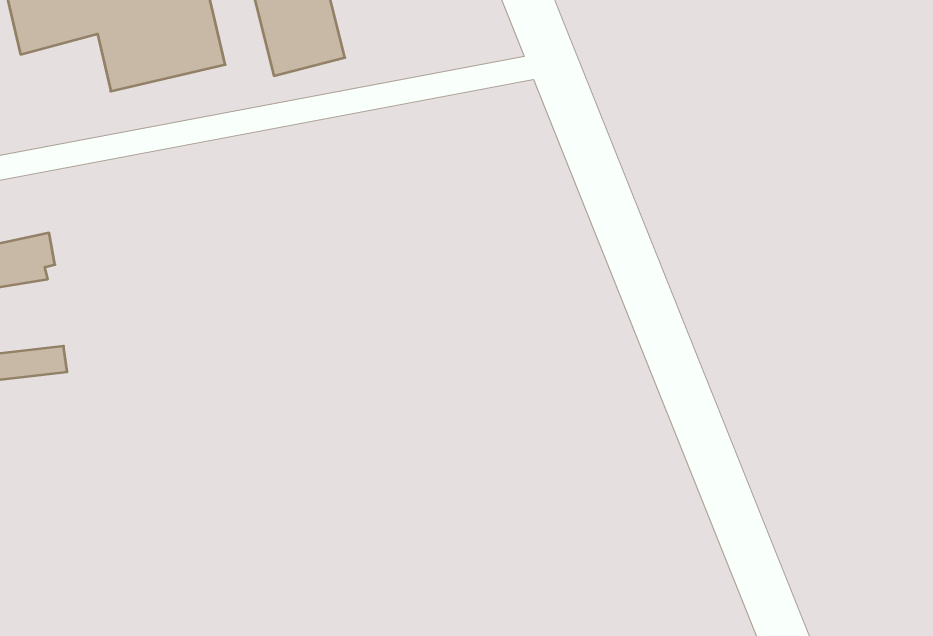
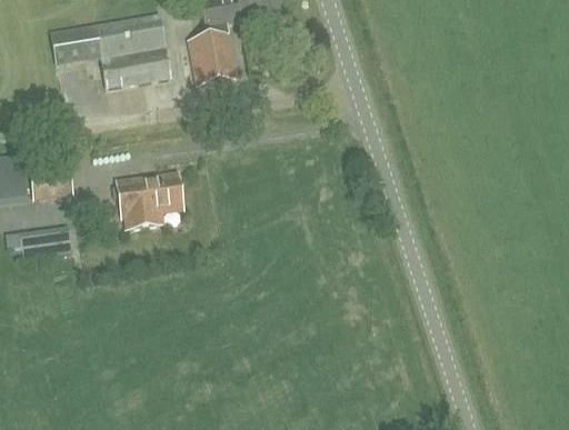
building: none -> [117,176,181,229]

